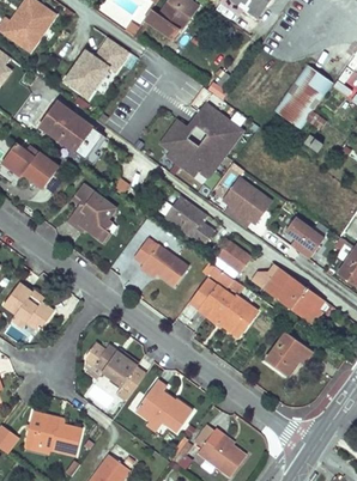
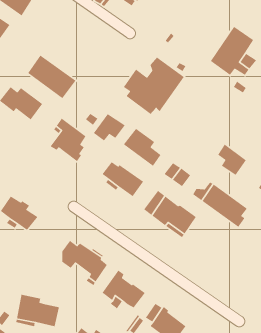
building: [65,39,127,97] -> none
building: none -> [93,113,126,142]
building: [222,178,270,227] -> none
building: [265,333,311,376] -> none

